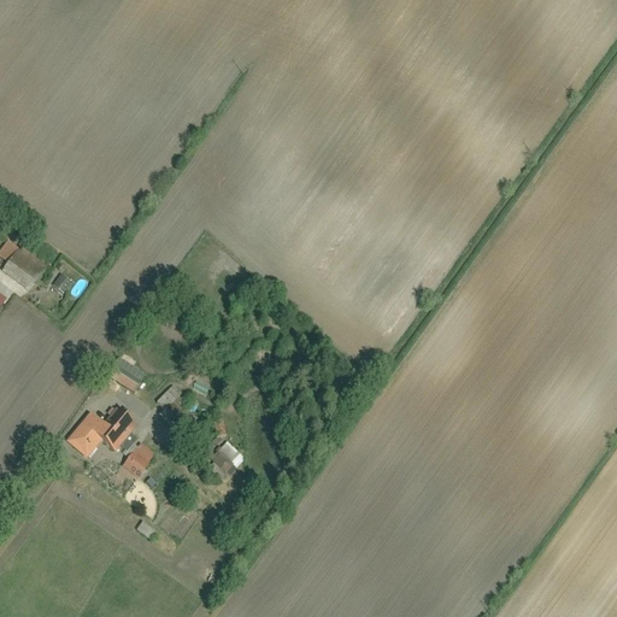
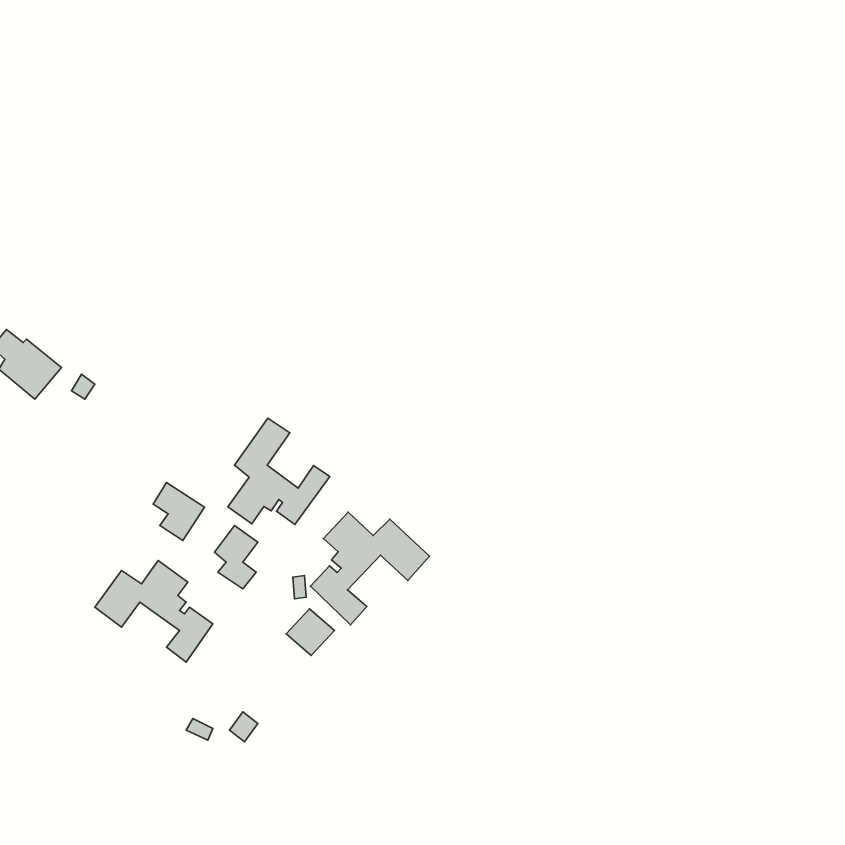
building: none -> [228,418,330,525]
building: none -> [310,512,430,625]

